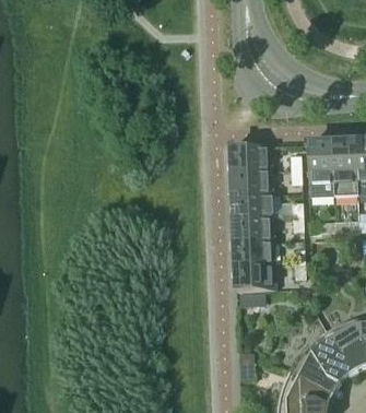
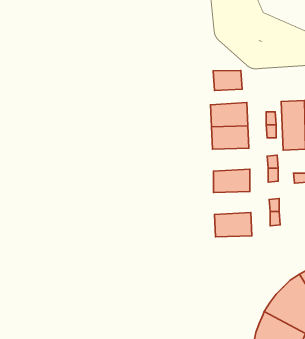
building: none -> [213,71,242,90]
building: [235,193,275,219] -> none
building: [236,240,276,266] -> none

